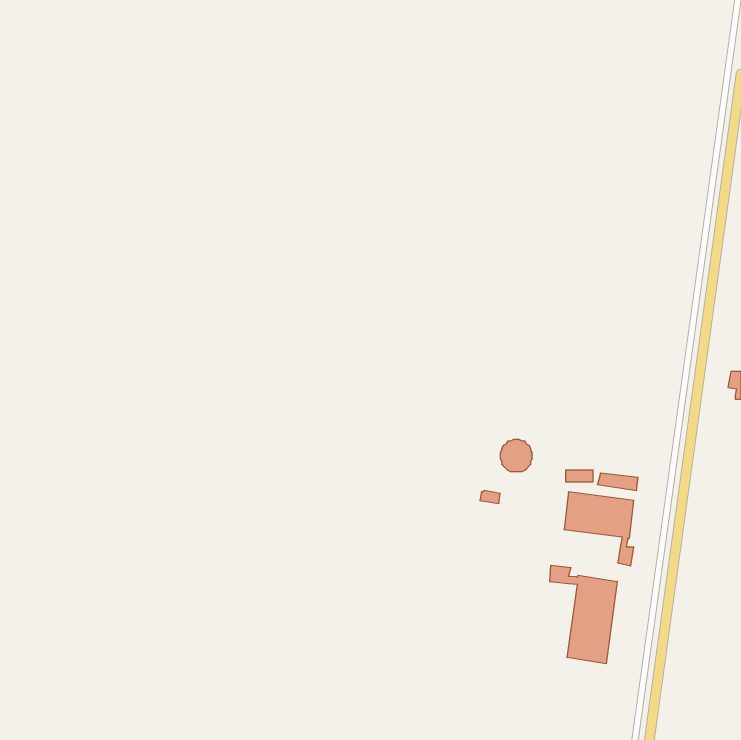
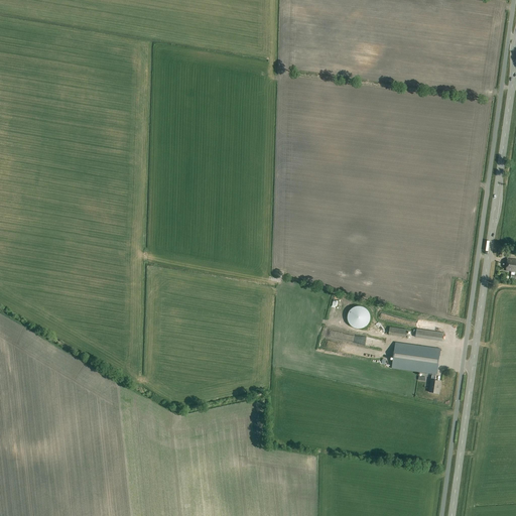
building: [550,565,617,664] -> none

